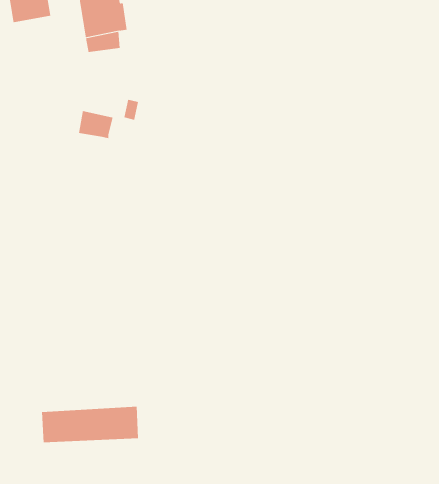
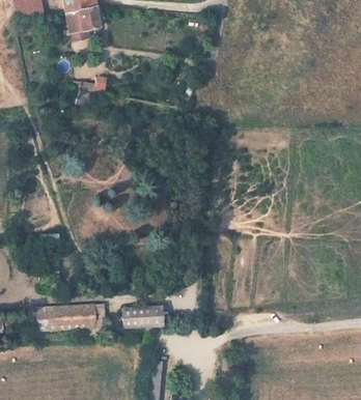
building: none -> [123,304,164,326]

